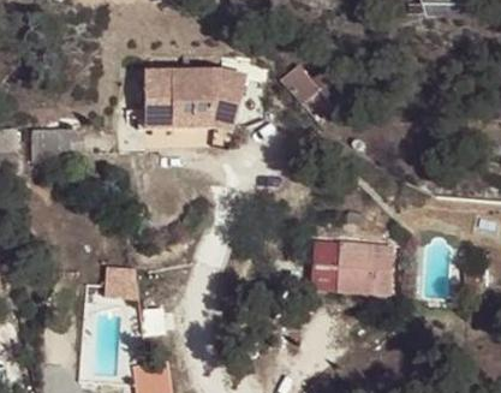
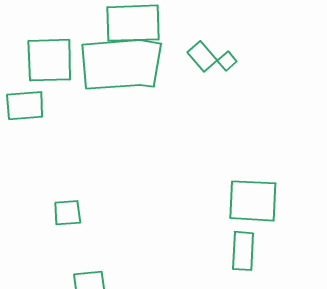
building: none -> [107,5,158,41]
building: none -> [29,40,70,81]
building: [311,243,338,292] -> [233,232,253,270]

